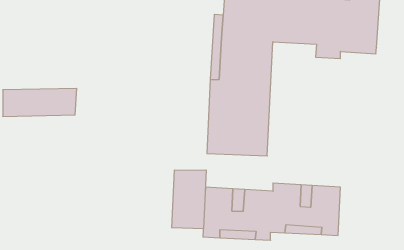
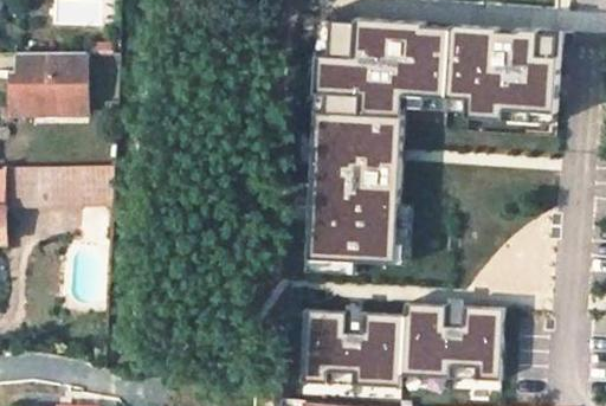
building: none -> [12,51,86,114]
building: [172,170,206,229] -> none

